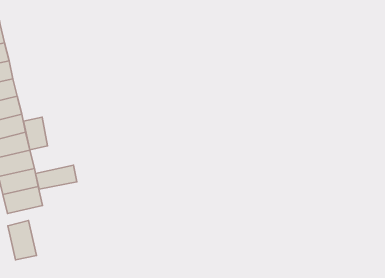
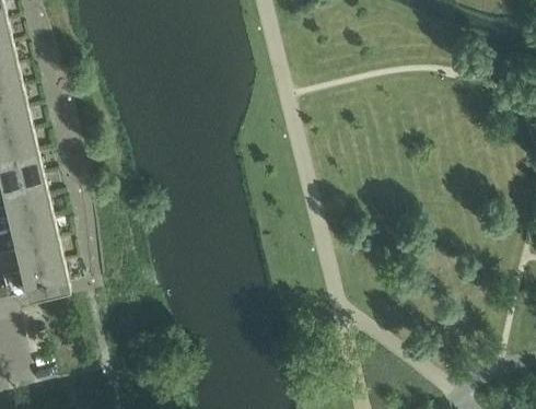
building: [23,117,47,150] -> none
building: [36,165,77,189] -> none
building: [8,221,36,260] -> none

